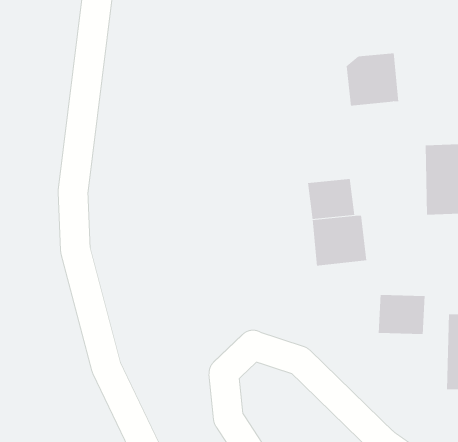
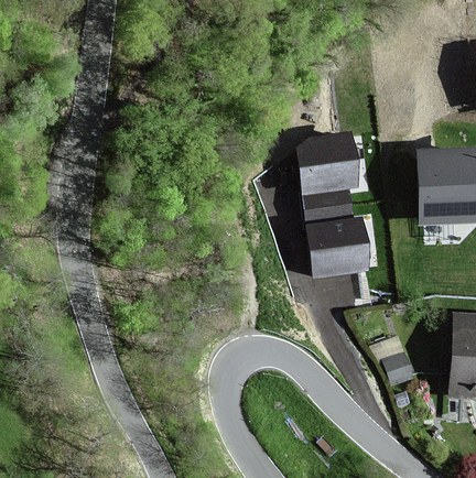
building: [346,53,399,106] -> [305,138,358,191]
building: [378,294,425,335] -> none

